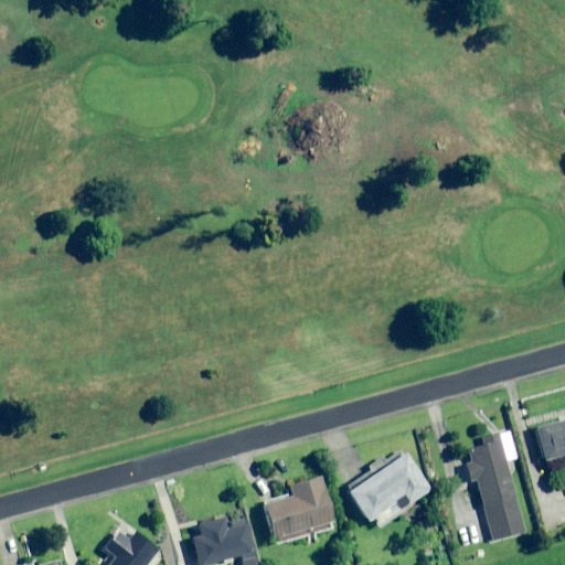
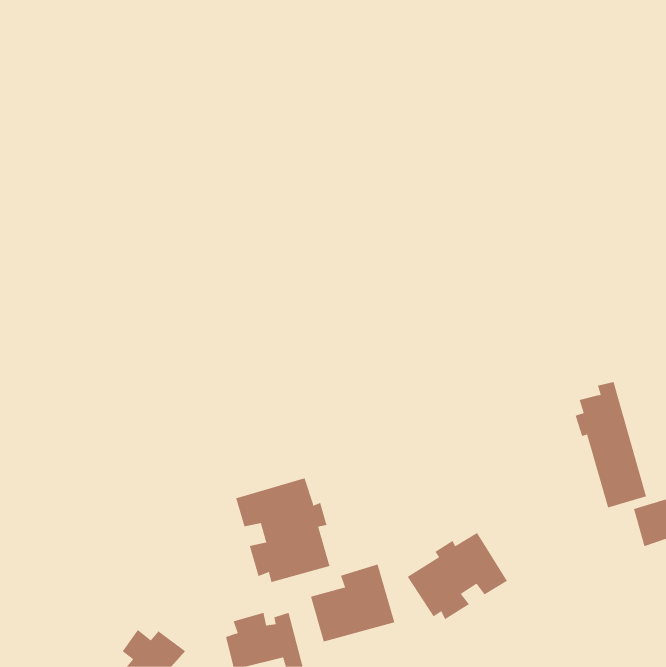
building: none -> [235,478,330,583]
building: [466,434,526,541] -> [575,381,647,508]

